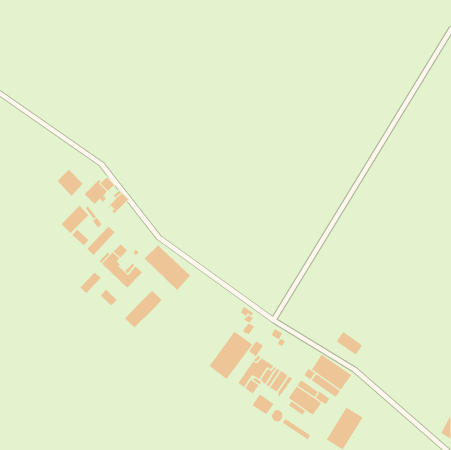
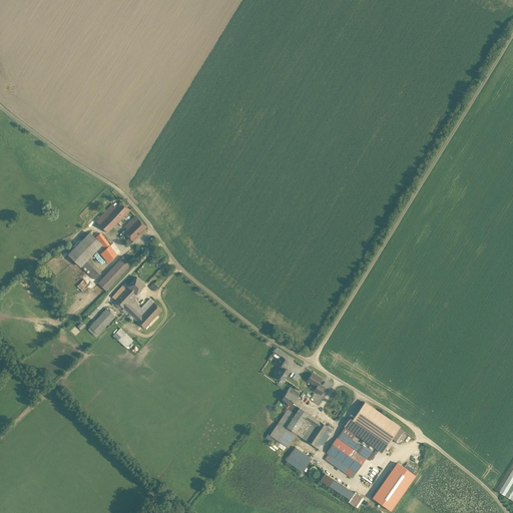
building: [57,169,84,197] -> none
building: [144,244,191,291] -> none
building: [124,290,162,328] -> none
building: [209,331,253,380] -> none
building: [336,331,363,355] -> none

